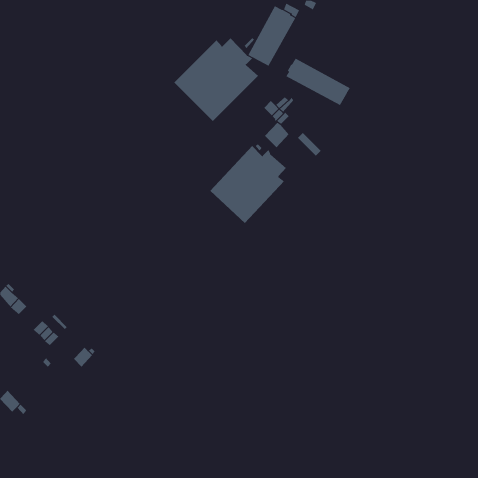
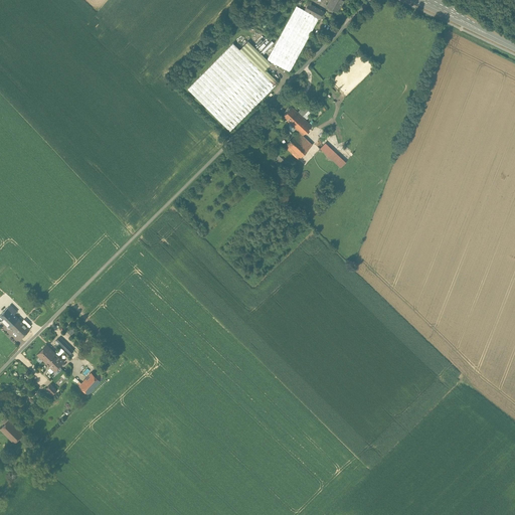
building: [286,58,351,106] -> none
building: [210,145,287,224] -> none

